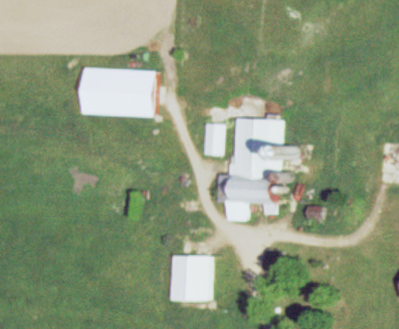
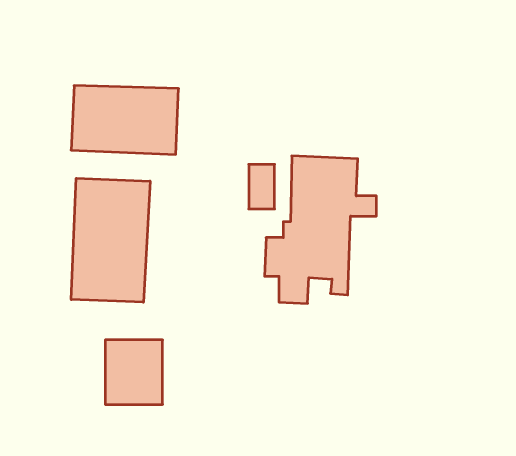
building: none -> [71,178,150,302]
building: [170,255,210,300] -> [105,340,163,404]

